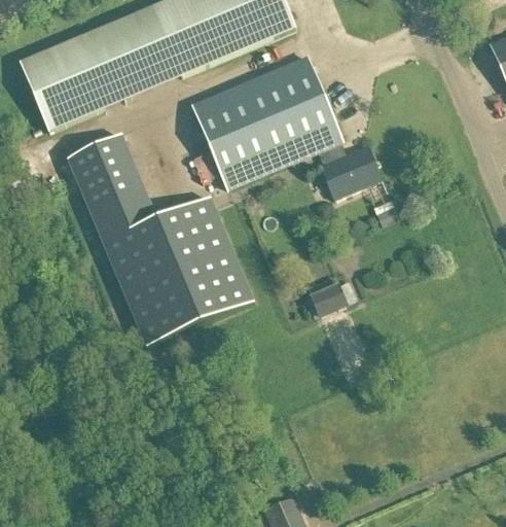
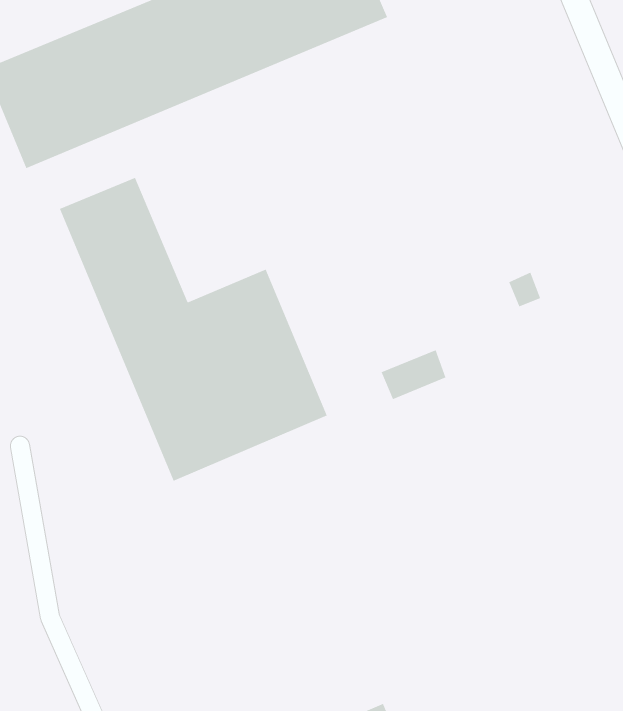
building: [194,61,382,198] -> none
building: [309,280,354,315] -> [380,349,447,400]

